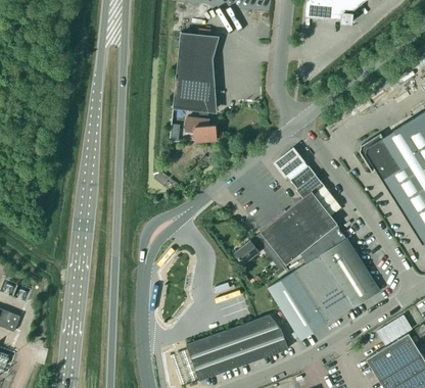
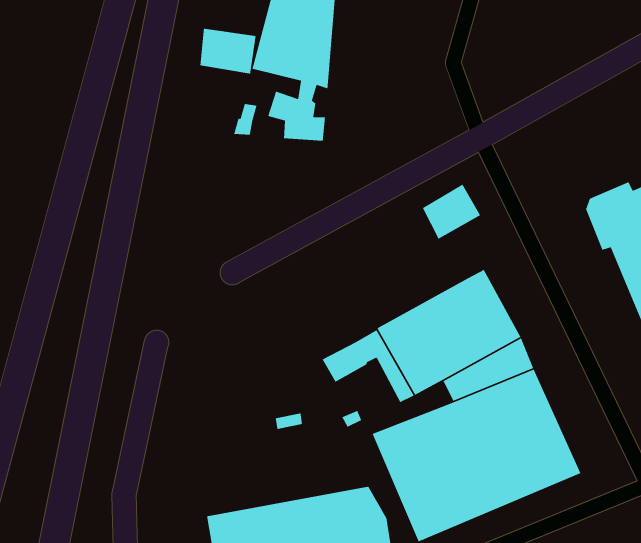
building: none -> [199,28,256,75]
building: [291,166,323,198] -> none

